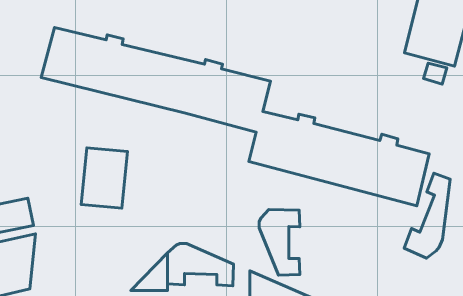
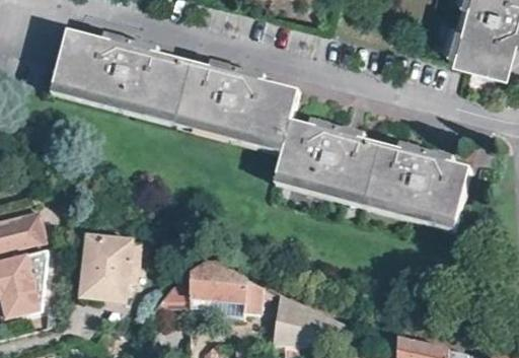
building: [81,148,127,208] -> [82,236,132,301]
building: [404,173,450,258] -> none
building: [259,209,300,275] -> none

